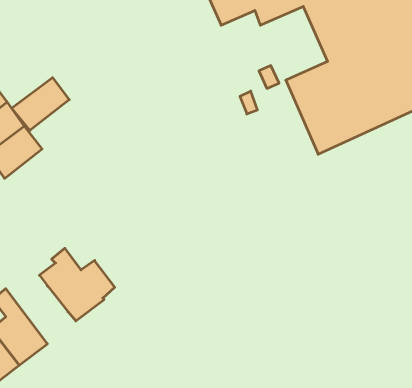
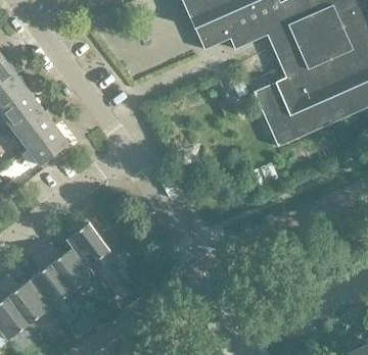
building: [12,78,69,130] -> none
building: none -> [41,243,94,292]

